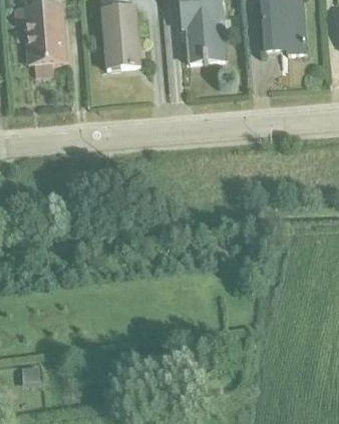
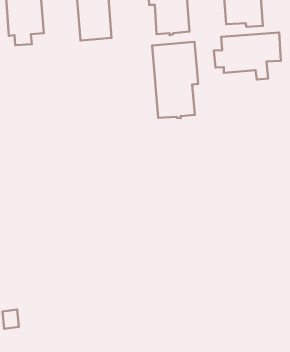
building: none -> [214,33,281,79]
building: none -> [152,42,198,118]

